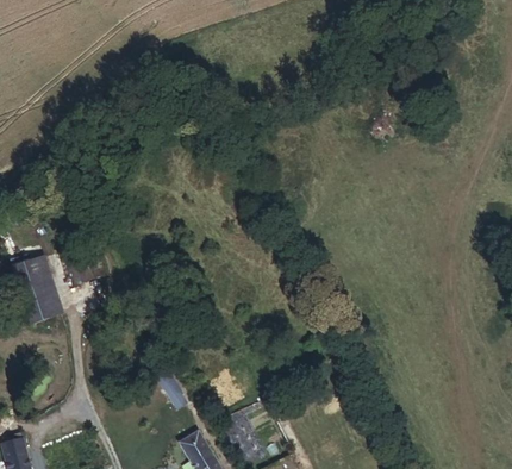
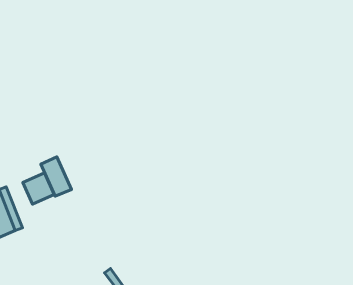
building: none -> [41,157,71,196]

